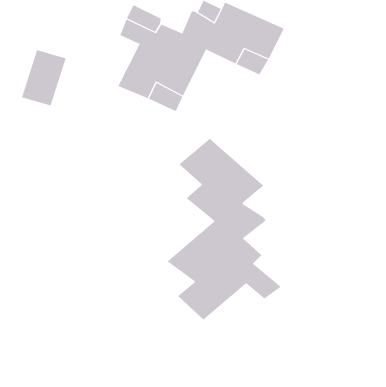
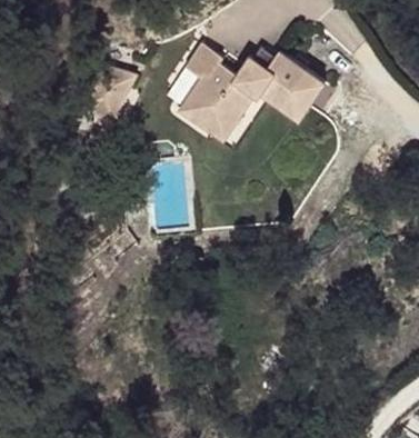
building: [167,138,282,321] -> none

